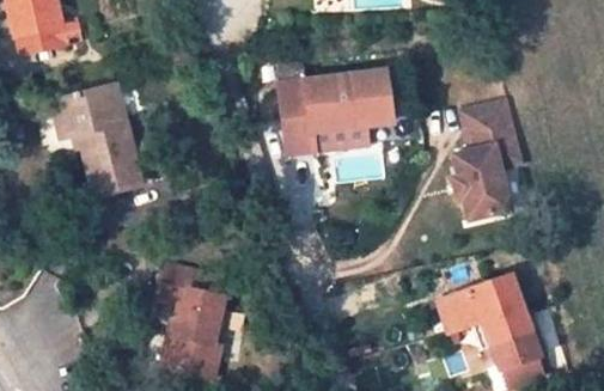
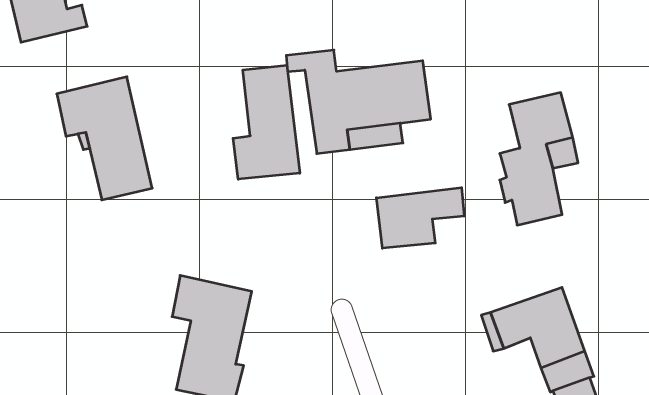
building: none -> [233,65,300,179]
building: none -> [376,188,464,248]

